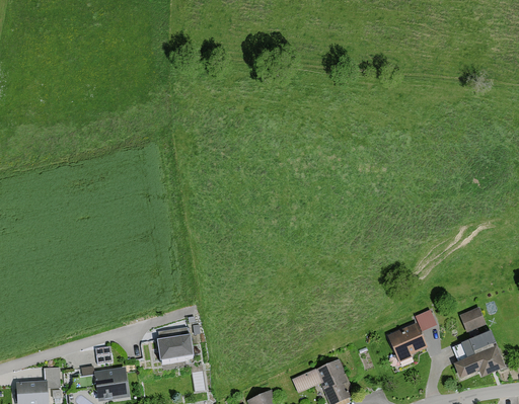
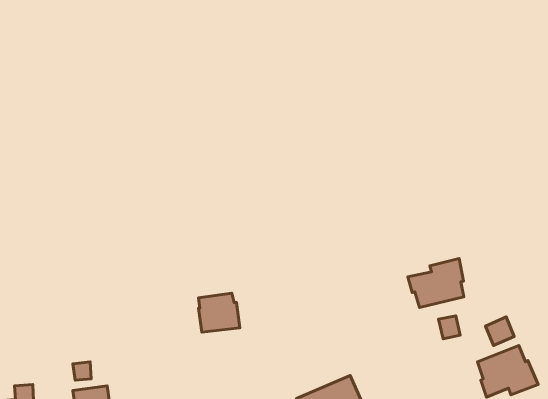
building: none -> [408,258,464,307]
building: [387,322,427,359] -> none
building: [158,327,195,361] -> [199,293,240,332]

